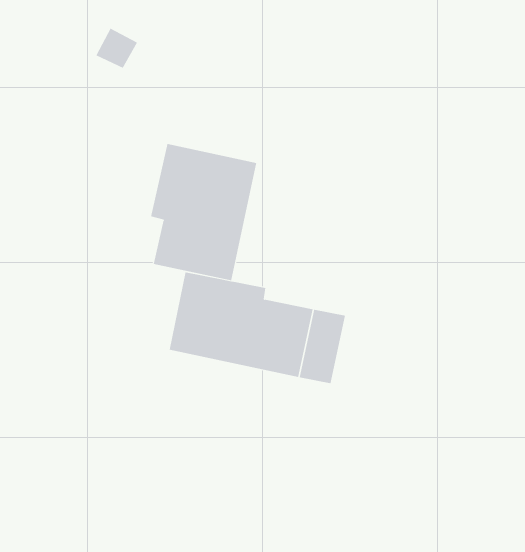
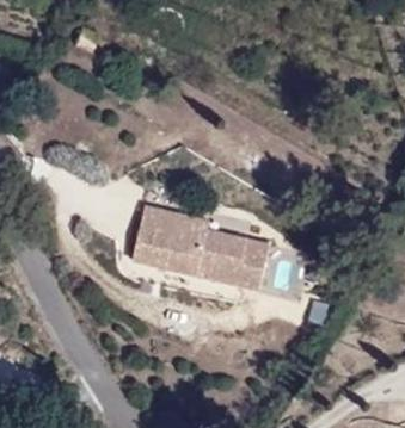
building: [150,143,257,281] -> none

